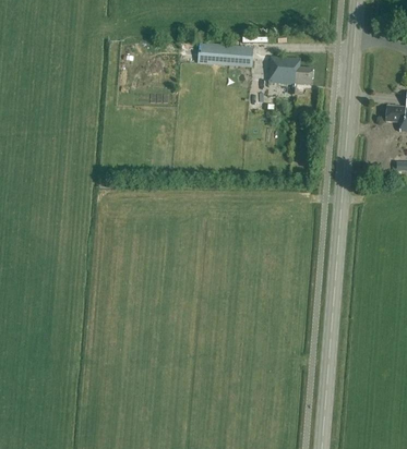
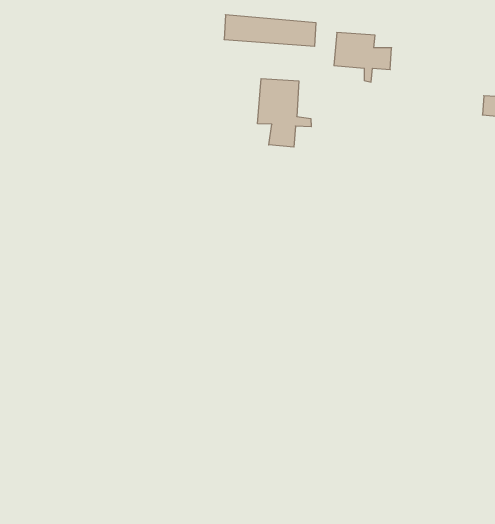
building: none -> [258,79,311,147]

